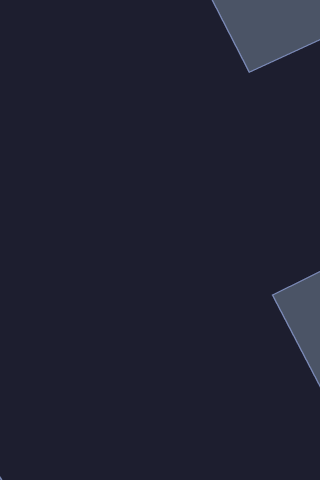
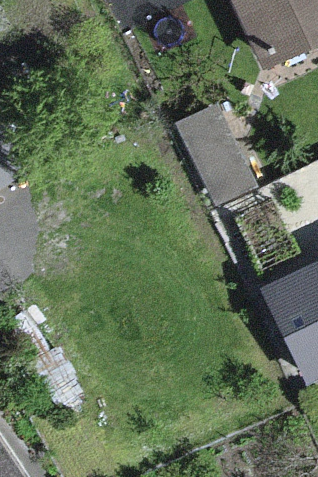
building: none -> [174,95,260,199]

